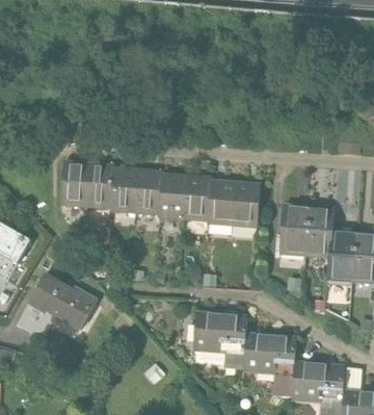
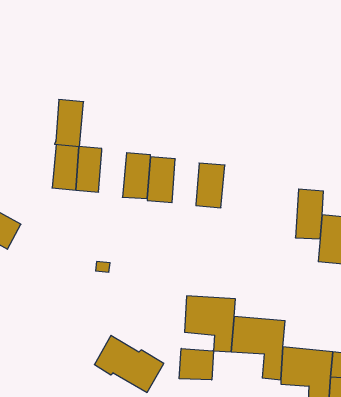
building: [108,166,137,213] -> [55,100,84,146]
building: [183,175,211,221] -> none
building: [232,181,261,226] -> none
building: [282,203,310,254] -> none
building: [27,271,97,329] -> [94,335,164,392]
building: none -> [179,348,214,380]

